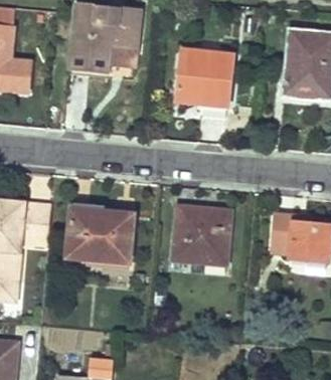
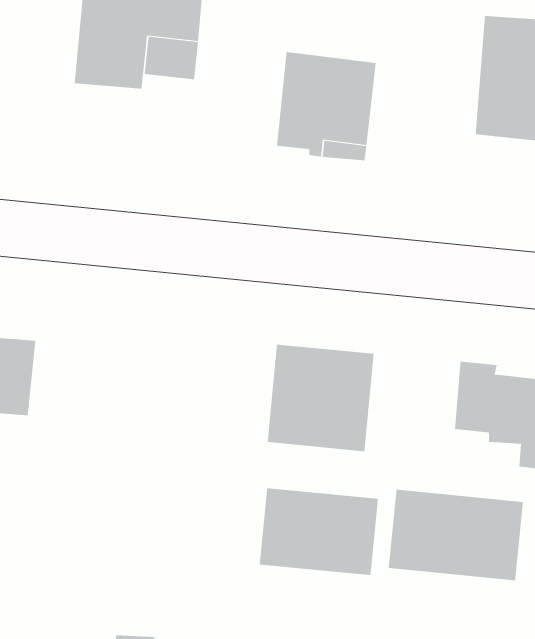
building: [67,209,133,260] -> none
building: none -> [259,487,378,576]
building: none -> [388,489,523,581]

